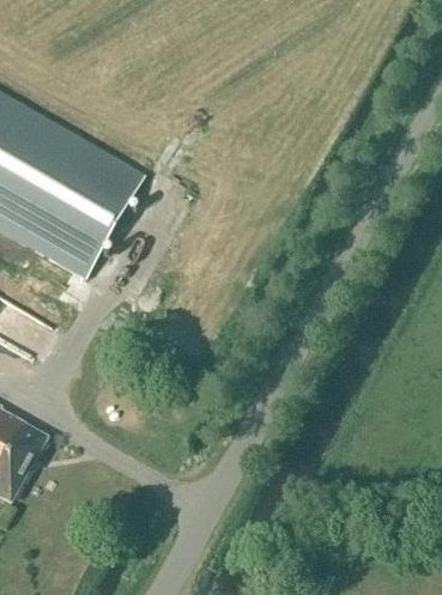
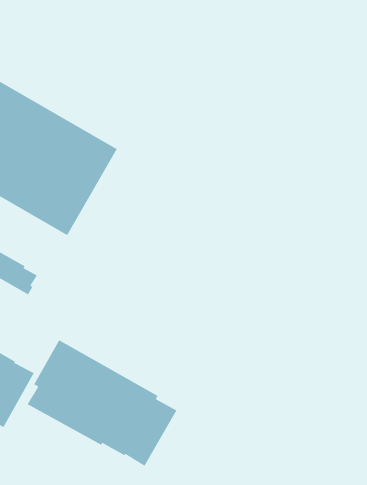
building: none -> [27,339,177,467]

